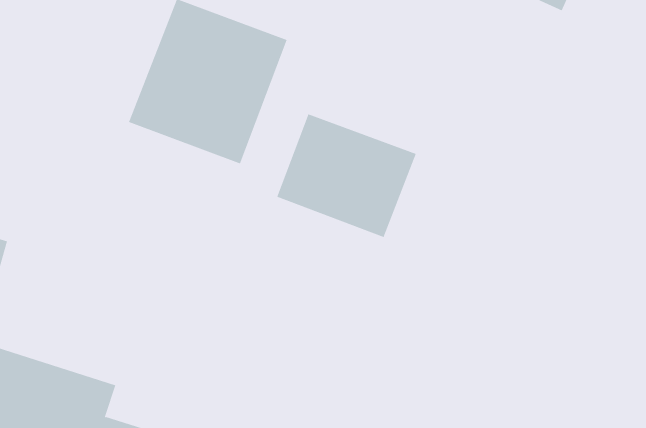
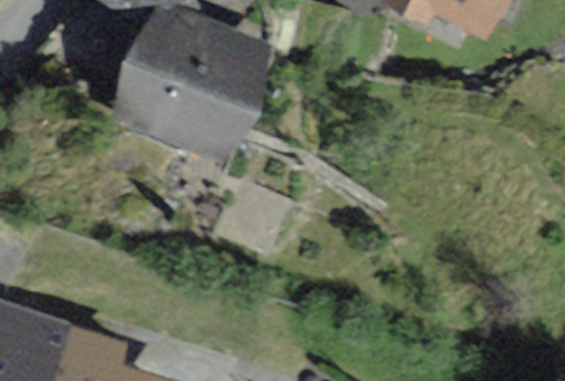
building: [276,114,416,238] -> none

